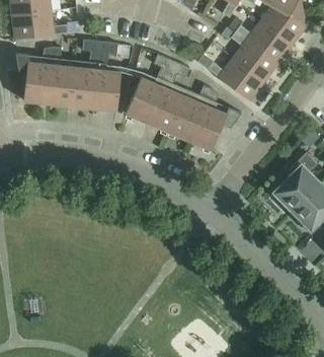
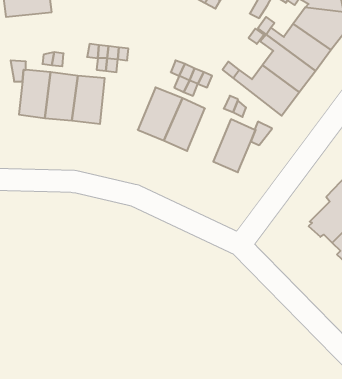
building: [12,12,79,40] -> none
building: [93,69,120,111] -> none
building: [168,95,206,141] -> none

